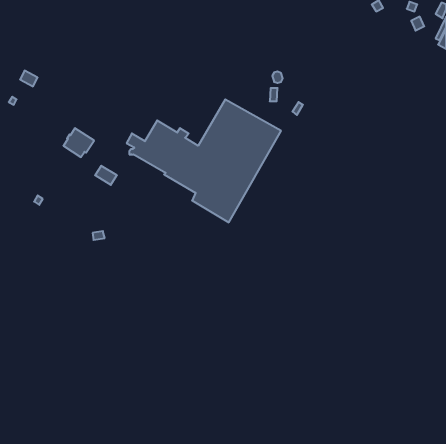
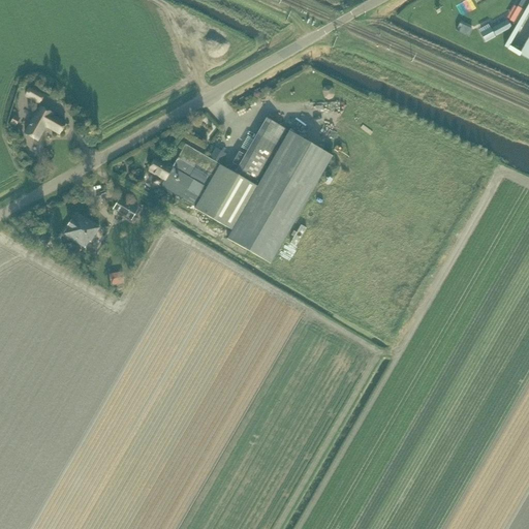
building: none -> [24,104,65,138]
building: [63,128,94,157] -> [64,212,100,246]

